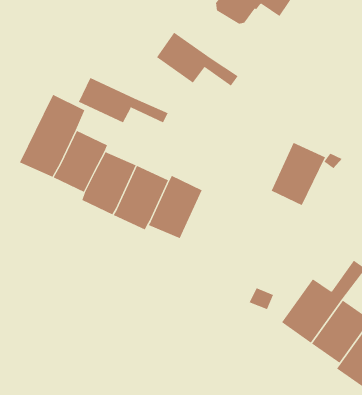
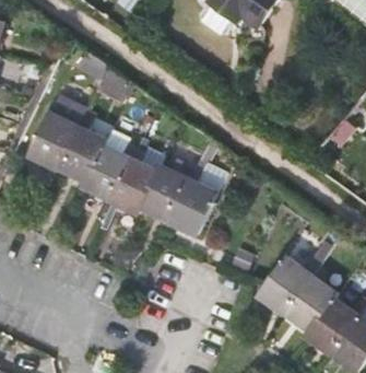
building: [156,32,239,86] -> none
building: [78,77,168,123] -> none
building: [271,142,326,206] -> [169,179,217,235]

